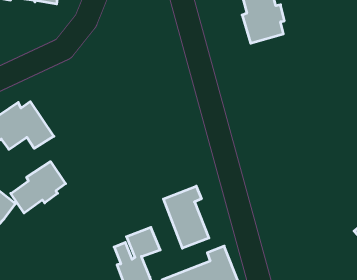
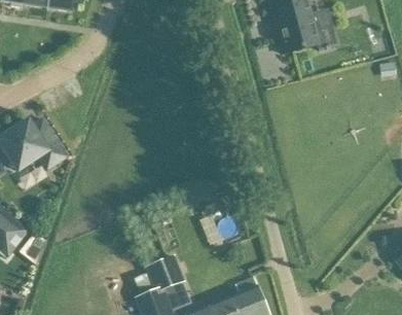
building: [11,162,66,213] -> none
building: [163,186,209,248] -> none

